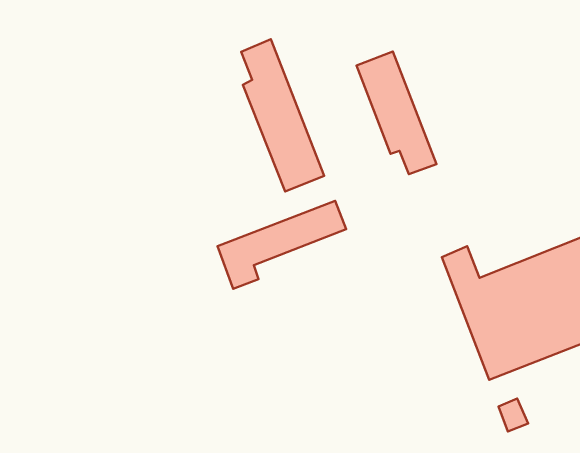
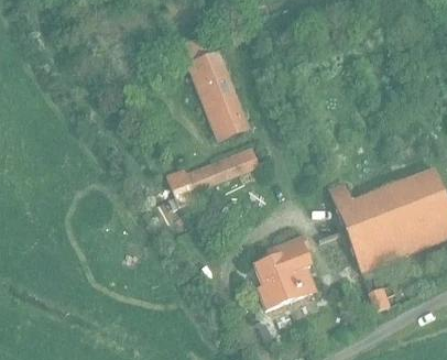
building: [356,52,437,174] -> none
building: none -> [255,237,316,308]

